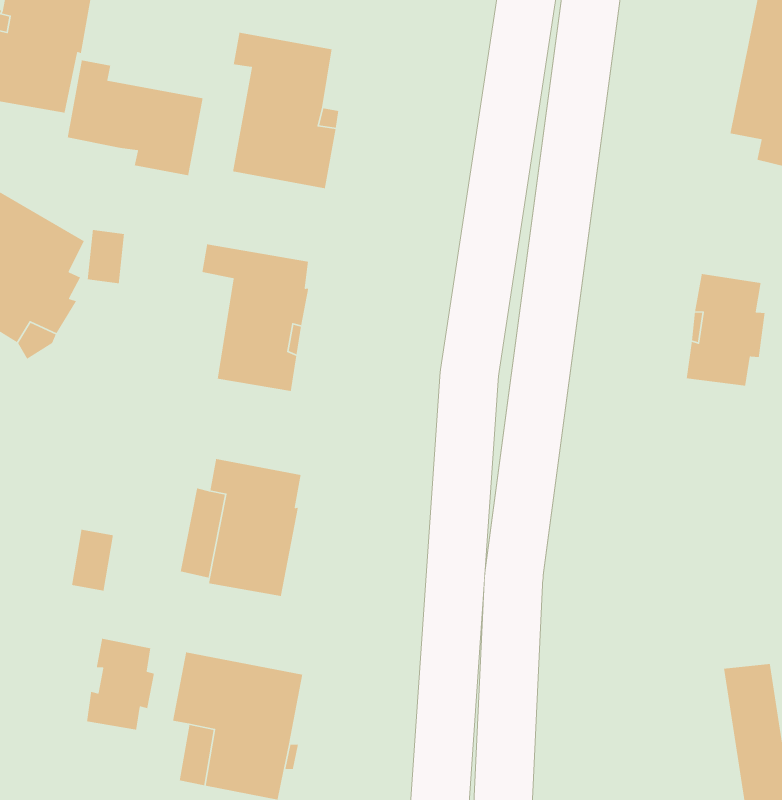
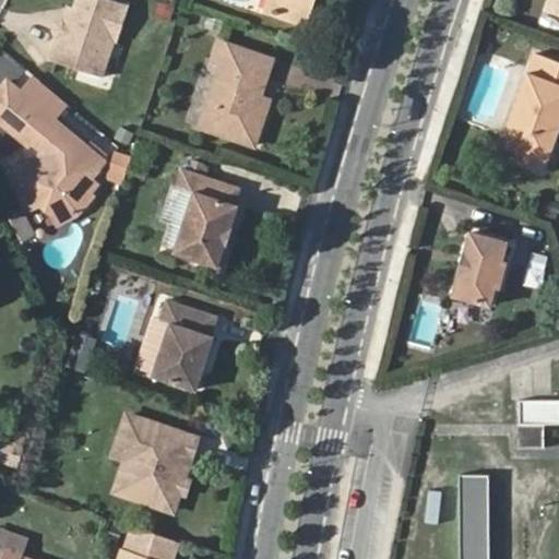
building: [67,60,203,176] -> none
building: [86,638,155,731] -> none

